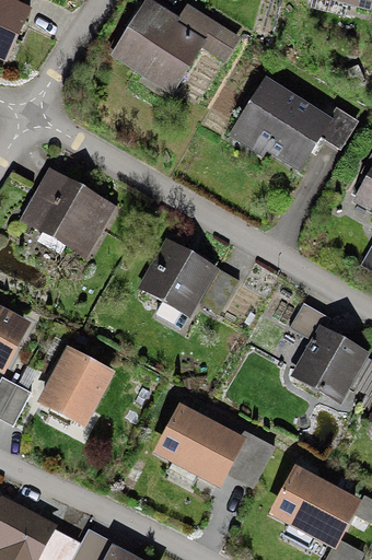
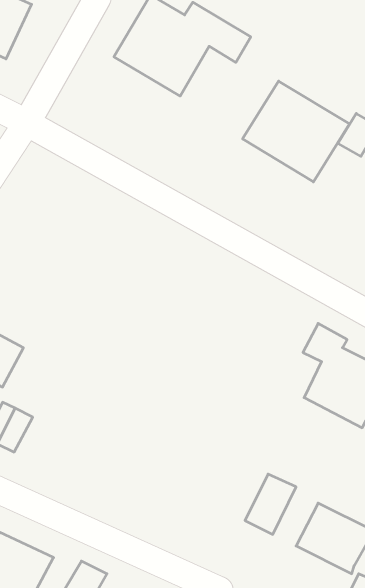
building: [24,166,120,255] -> none
building: [144,238,247,318] -> none
building: [43,355,109,425] -> none
building: [164,417,239,482] -> none

